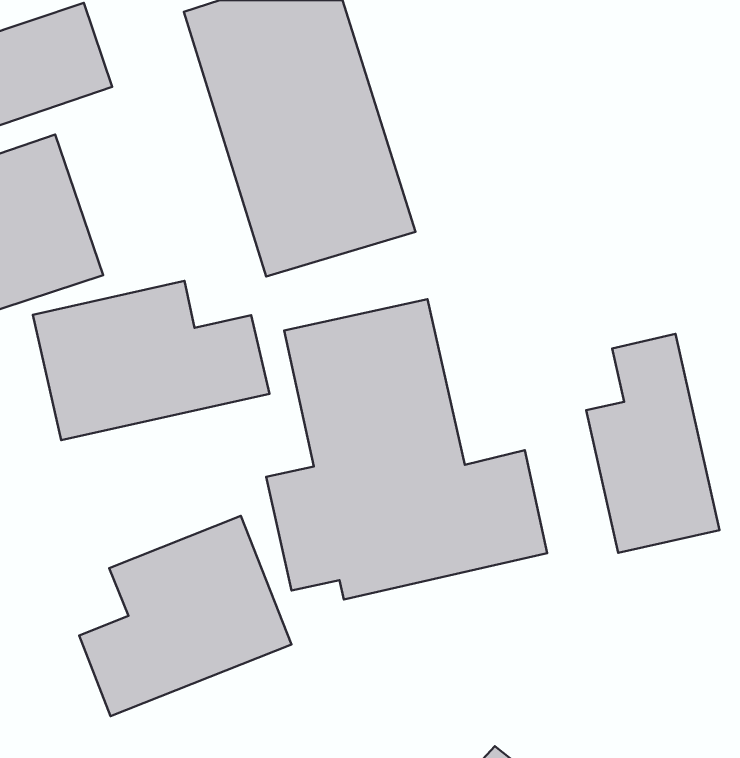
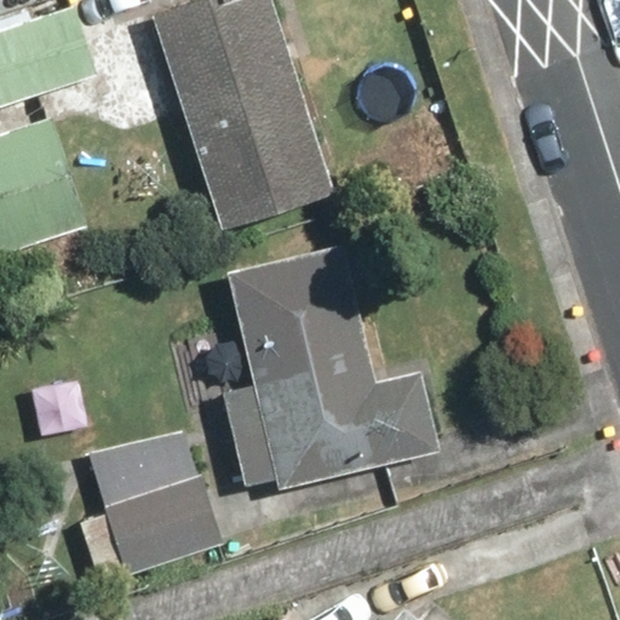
building: [33,281,270,440] -> none
building: [586,334,720,553] -> none

